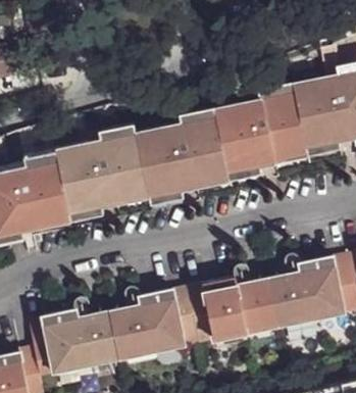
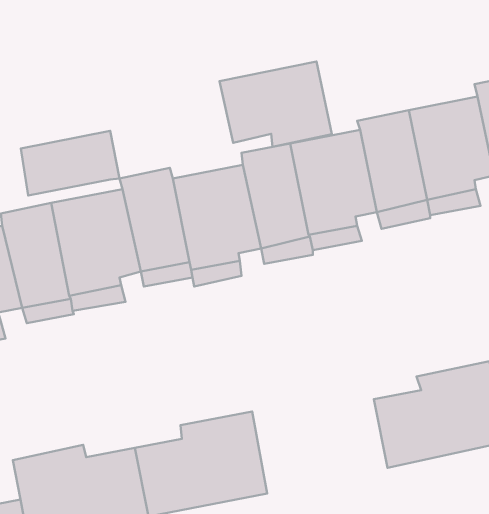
building: none -> [220,62,332,147]
building: none -> [21,131,120,196]
building: [187,278,277,343] -> none

